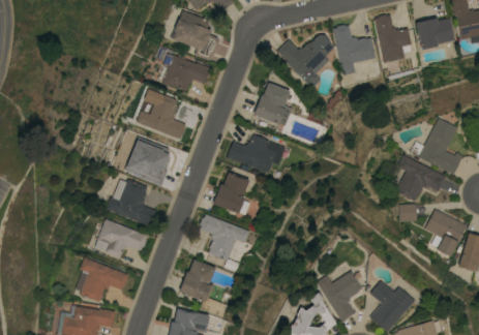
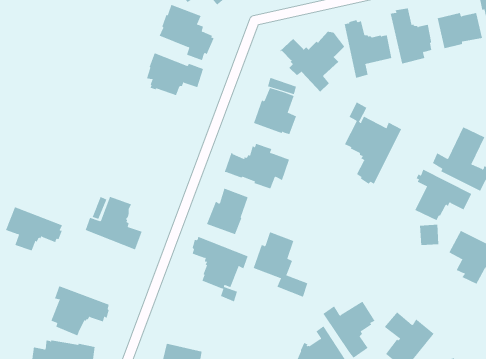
building: [126,88,186,139] -> none
building: none -> [344,101,402,185]
building: [130,140,179,174] -> none
building: [96,218,147,257] -> [5,206,63,251]
building: [179,260,228,317] -> [253,232,308,297]

